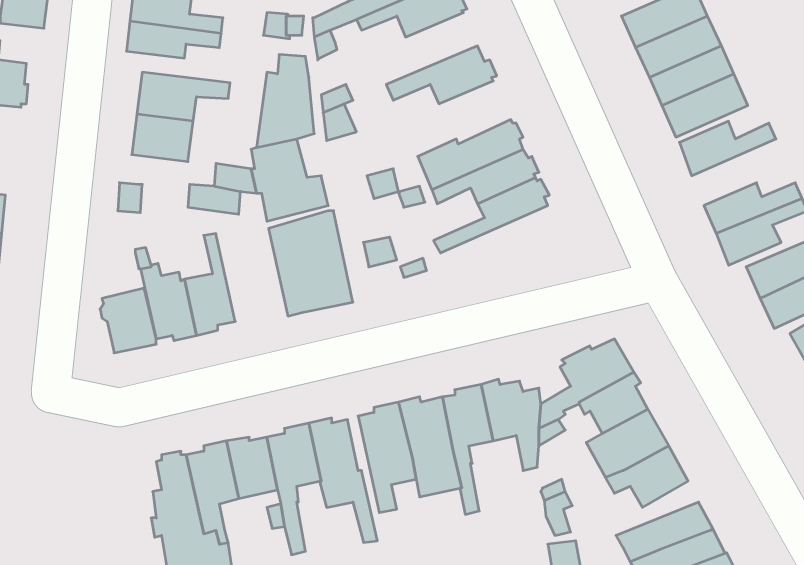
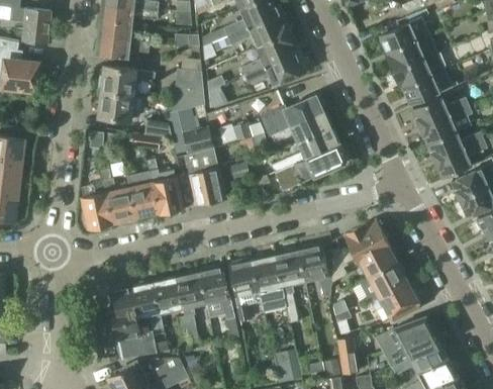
building: none -> [240,32,297,75]
building: none -> [420,106,472,144]
building: none -> [276,143,347,191]
building: none -> [146,159,182,214]

